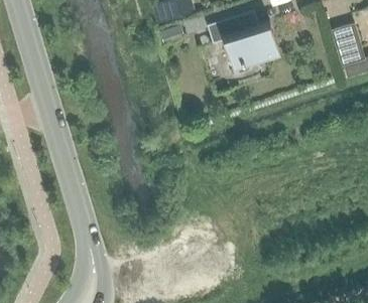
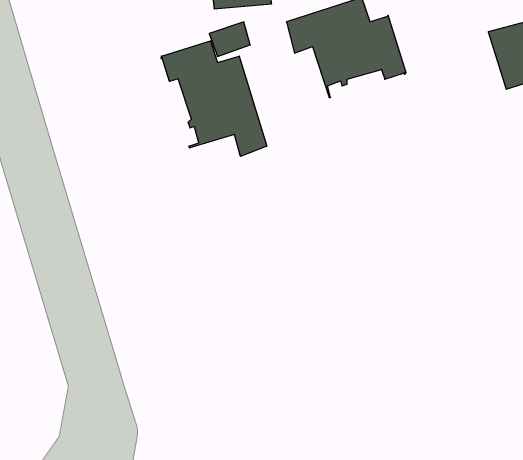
building: none -> [161,40,267,156]

